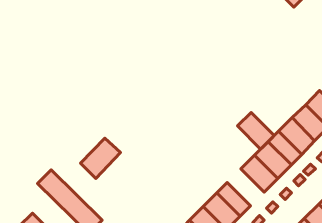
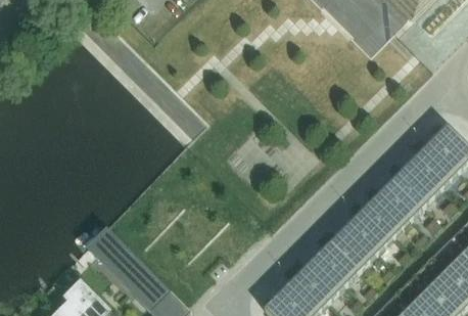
building: [237,112,274,149] -> [327,225,374,272]
building: [80,138,120,178] -> none

